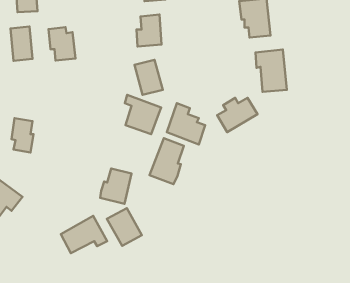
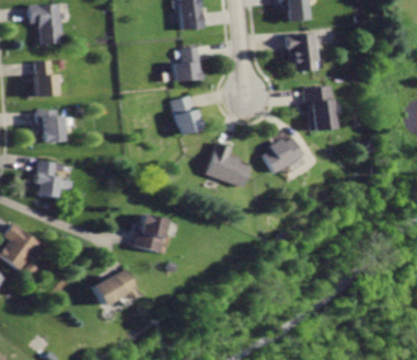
building: [48,27,76,60] -> [38,108,68,144]
building: [125,95,161,134] -> none
building: [149,138,184,184] -> none
building: [107,208,142,246] -> none

